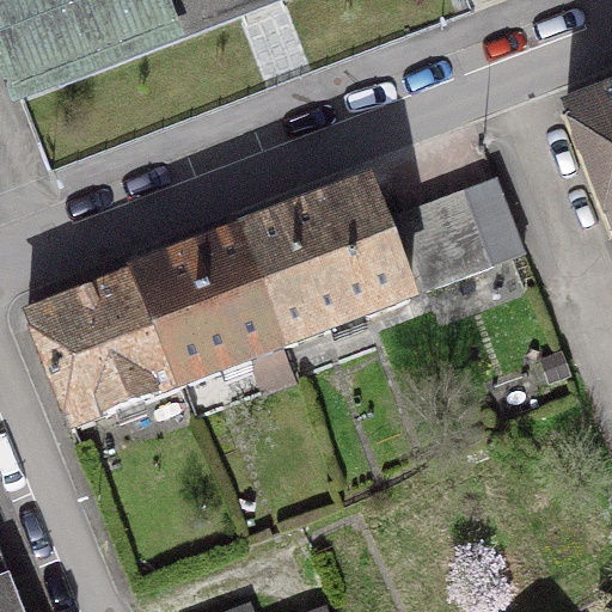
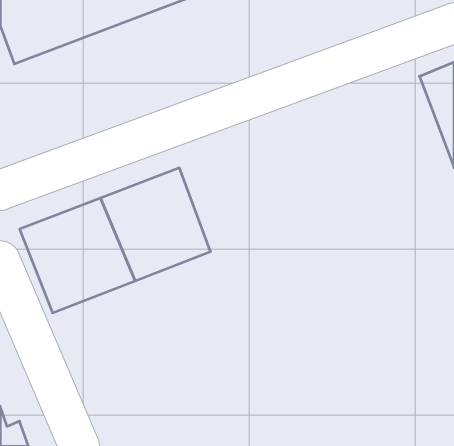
building: [400,177,524,281] -> none
building: [241,178,412,338] -> none

